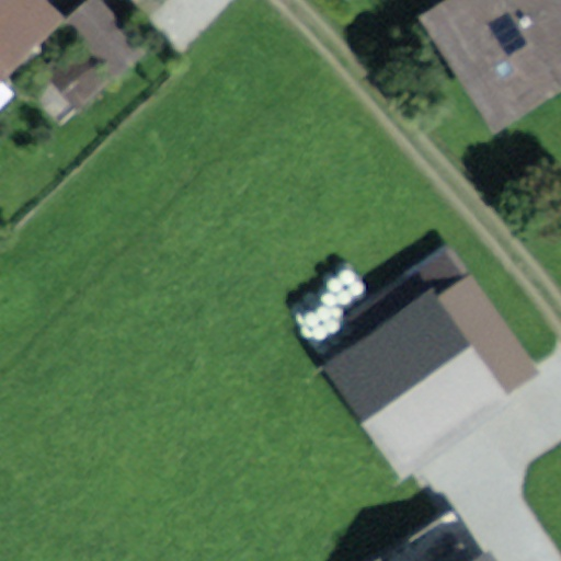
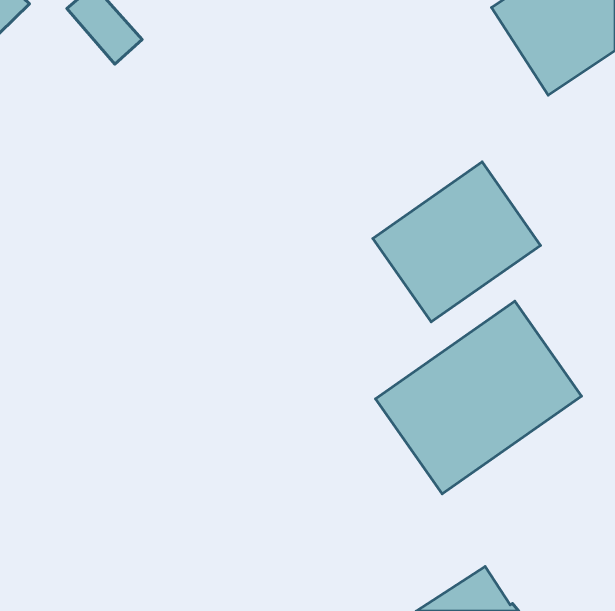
building: none -> [373,162,540,322]

